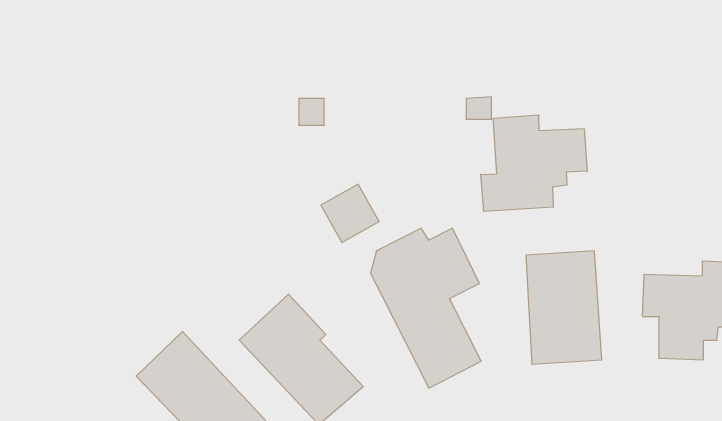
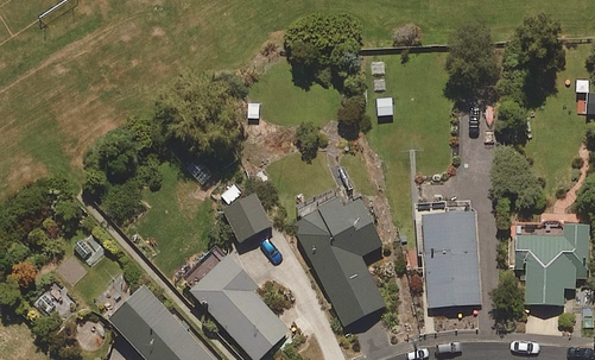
building: [481,115,587,211] -> none
building: [321,184,379,242] -> [220,194,266,240]

